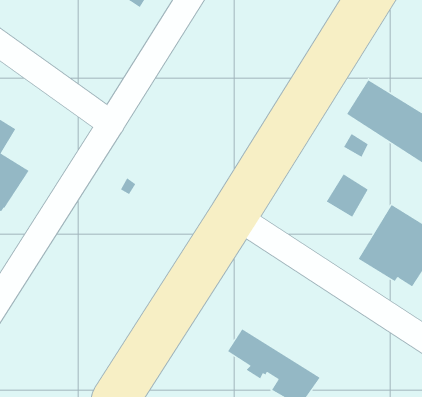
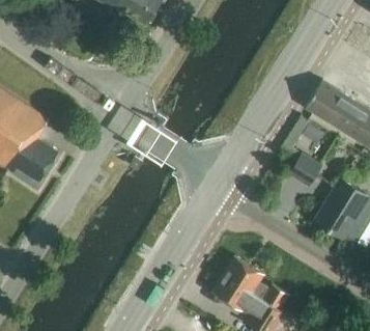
building: none -> [224,255,290,310]

